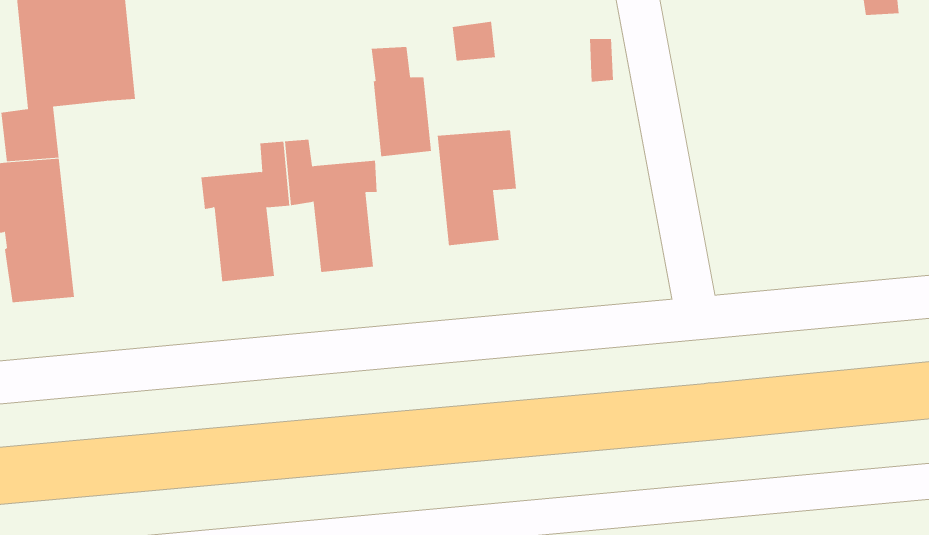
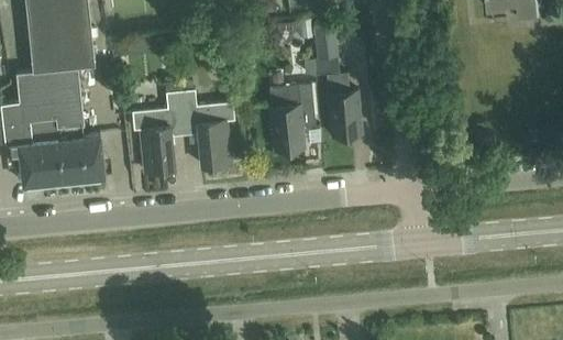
building: none -> [312,25,340,63]
building: [371,47,432,157] -> [327,77,362,141]
building: none -> [47,72,104,185]

